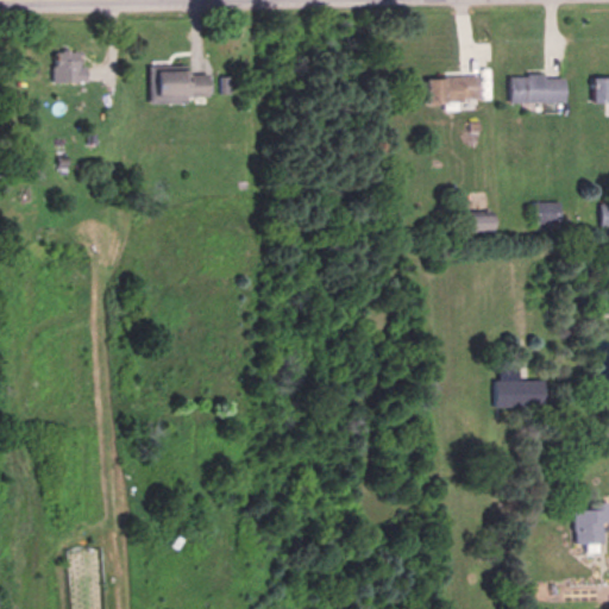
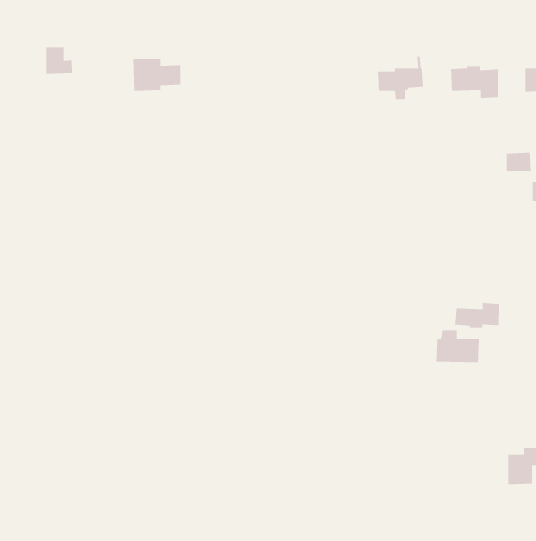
building: [536,202,565,224] -> [506,152,531,171]
building: [465,211,492,234] -> none
building: none -> [455,302,500,328]

